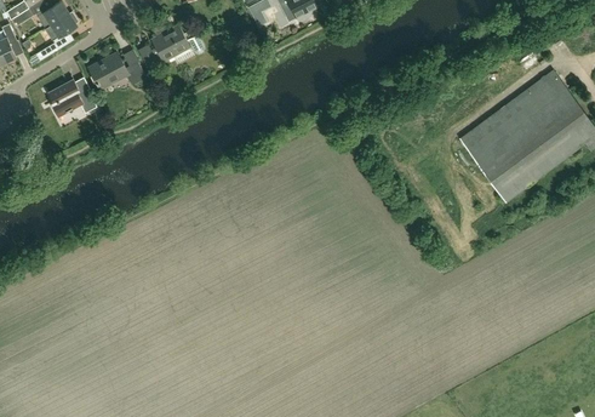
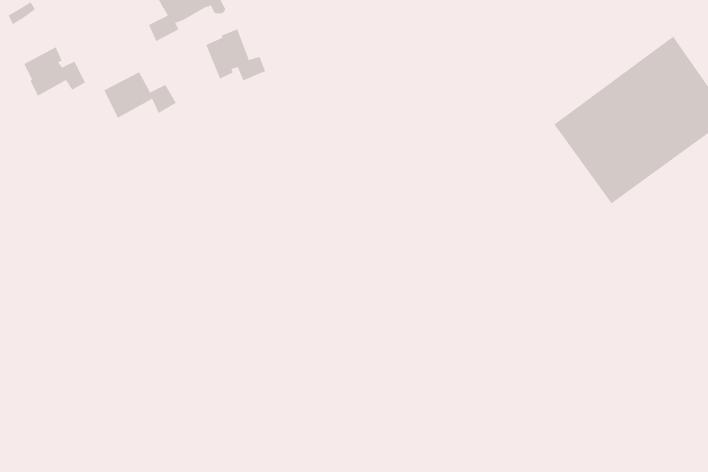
building: [88,53,145,90] -> [104,72,177,118]
building: none -> [205,28,266,81]

